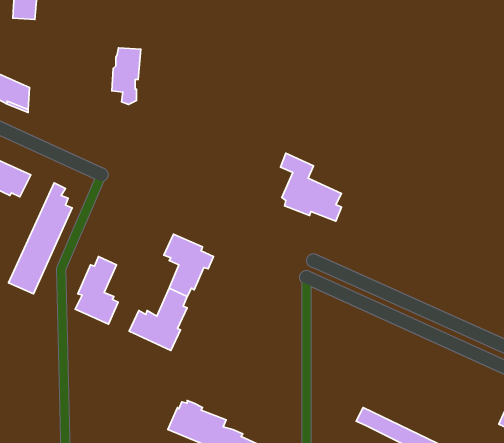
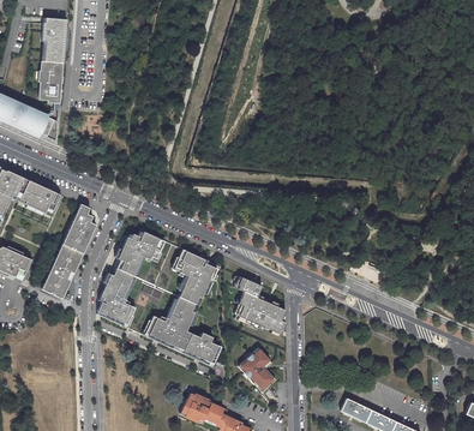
building: [112,48,141,105] -> [38,60,64,109]
building: [280,153,341,221] -> [235,274,288,333]
building: none -> [119,231,167,274]
building: none -> [181,330,221,363]
building: none -> [236,348,275,391]

